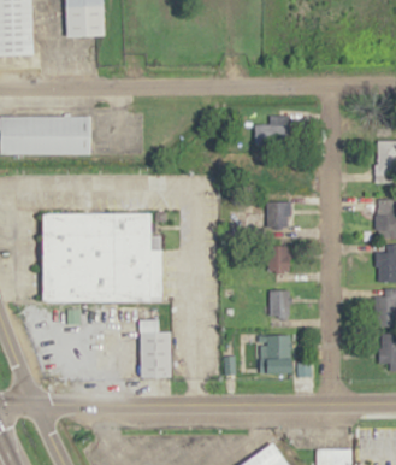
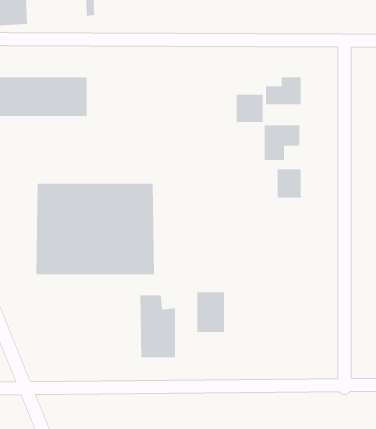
building: none -> [236,94,264,123]
building: [268,247,291,271] -> none
building: [268,290,289,317] -> none
building: [266,335,292,373] -> [196,291,225,333]

